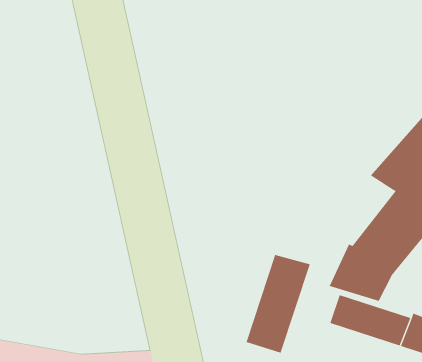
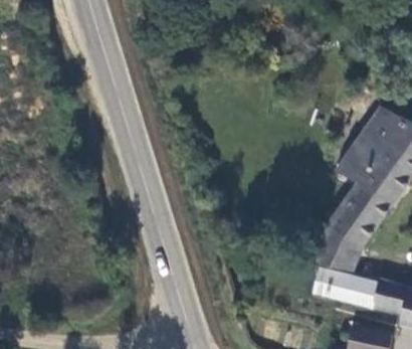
building: [246,254,310,354] -> none

